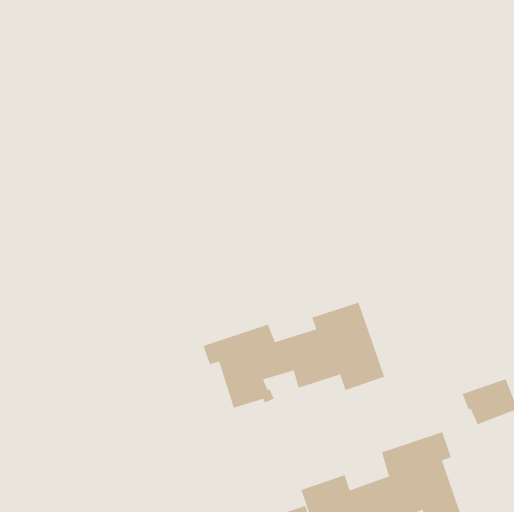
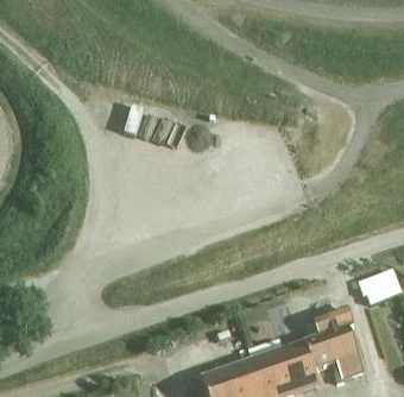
building: [203,302,385,408] -> none

